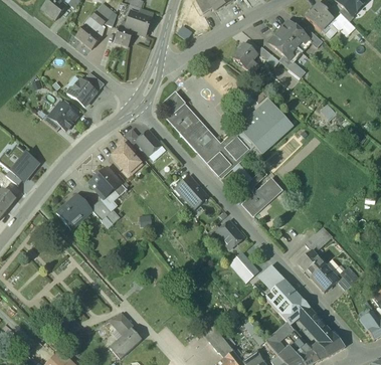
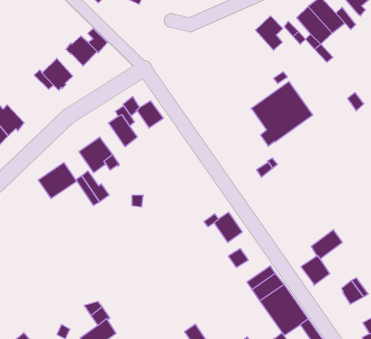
building: [161,92,253,177] -> none
building: [176,176,207,208] -> none
building: [242,177,282,215] -> none
building: [311,265,338,293] -> none

